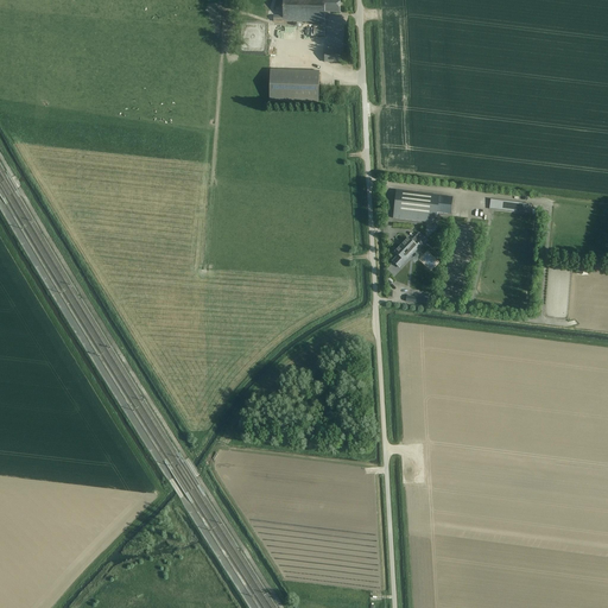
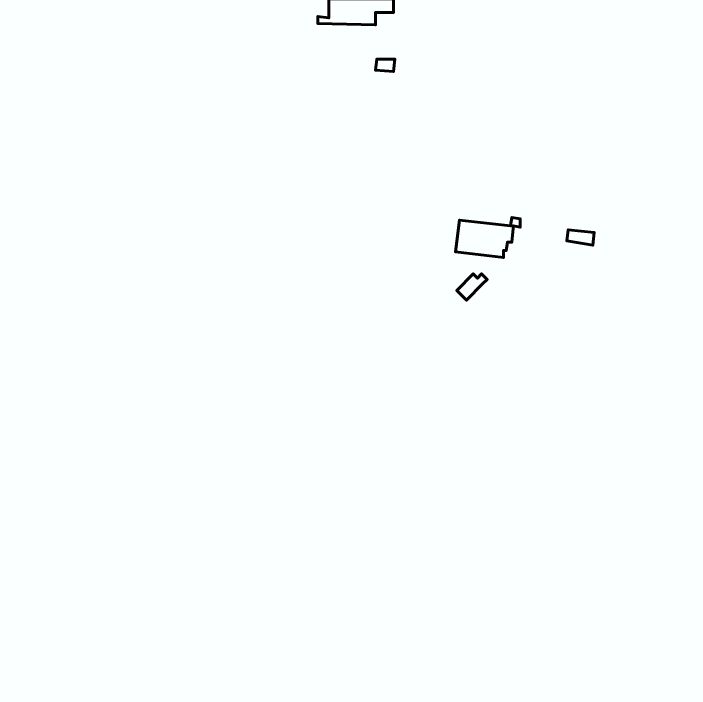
building: [270,69,319,101] -> none

